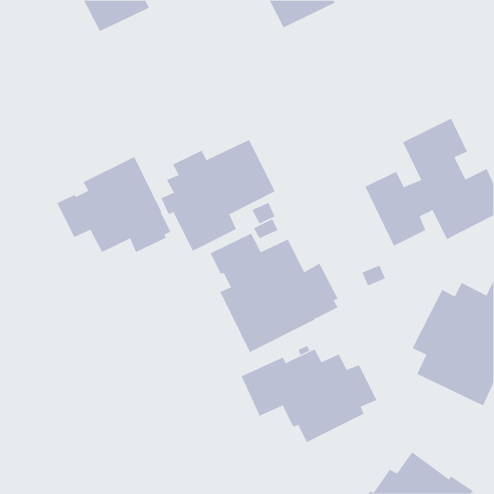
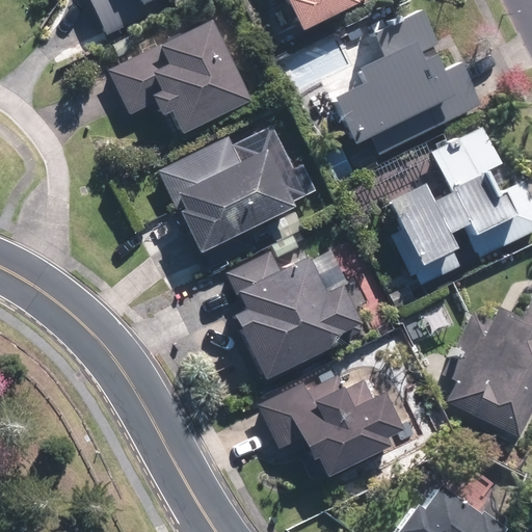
building: none -> [336,10,481,155]
building: none -> [109,20,251,133]
building: [57,156,171,253] -> none

